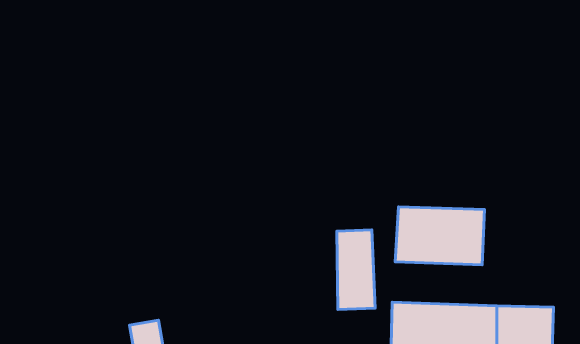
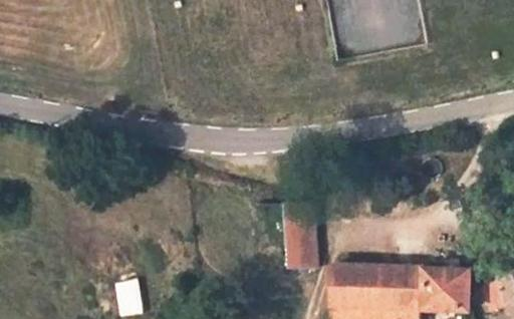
building: [395,207,485,265] -> none

